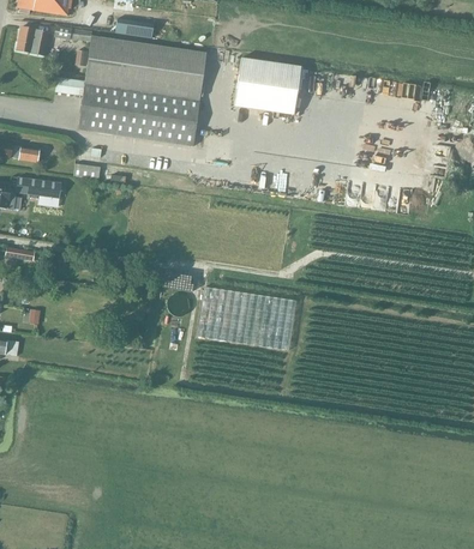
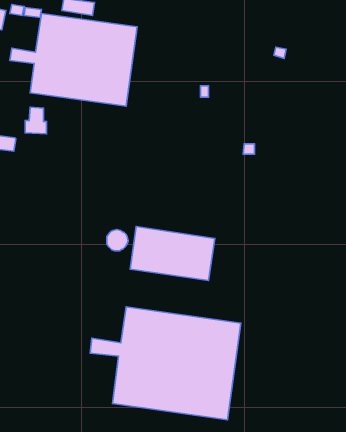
building: [234,56,301,115] -> none
building: none -> [90,307,241,420]

